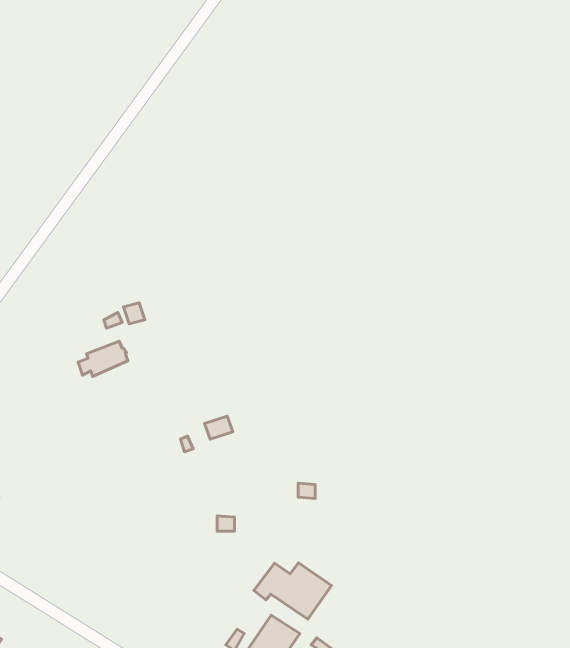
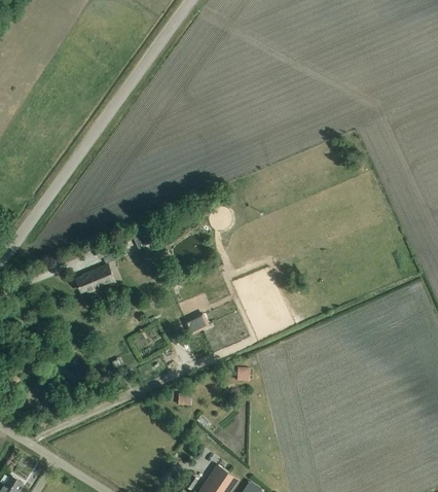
building: [254,563,332,619] -> none

